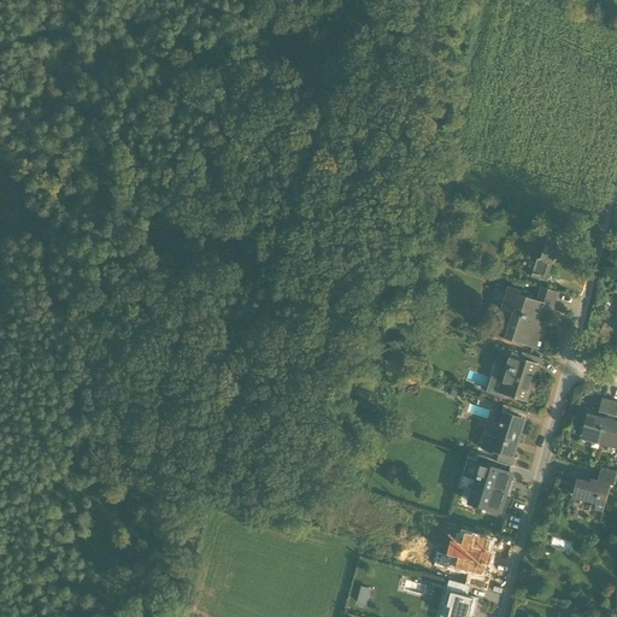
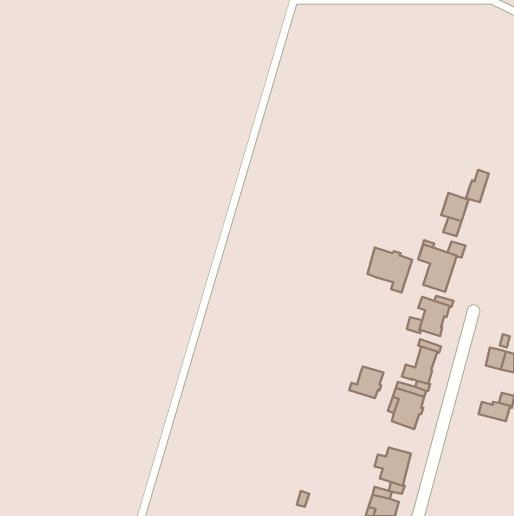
building: none -> [466,170,489,202]
building: none -> [368,248,412,292]
building: none -> [349,367,383,398]

